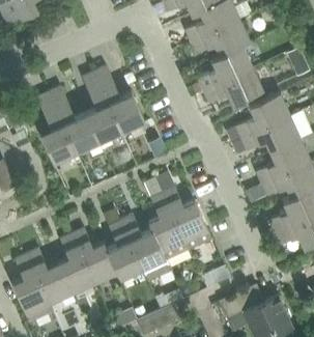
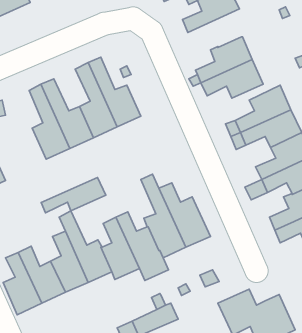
building: [190,20,250,57] -> none
building: none -> [41,177,106,213]

